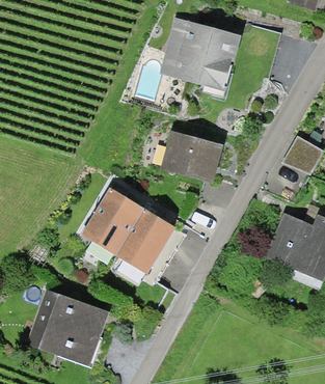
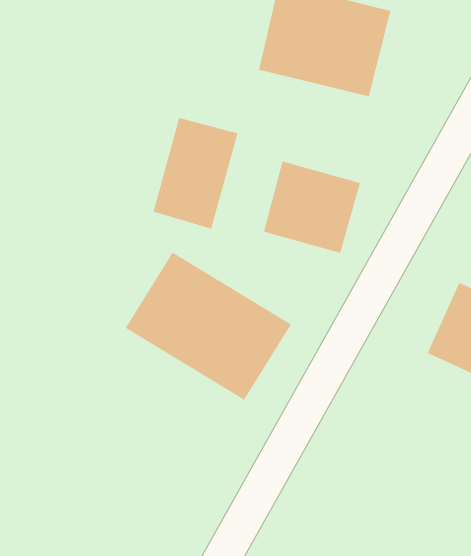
building: none -> [153,117,238,230]
building: [32,292,113,359] -> none

